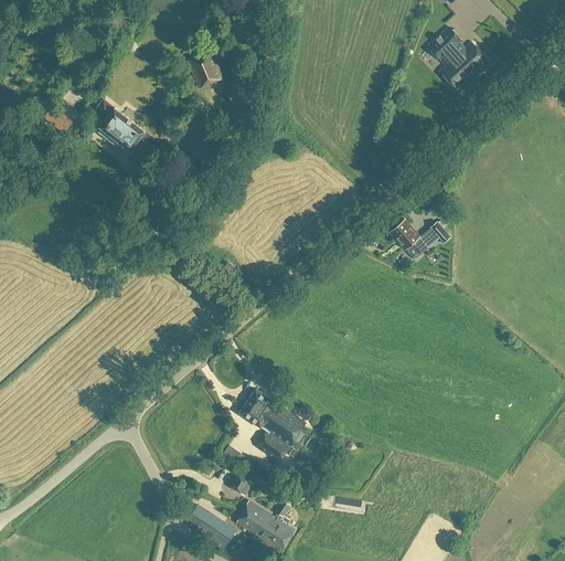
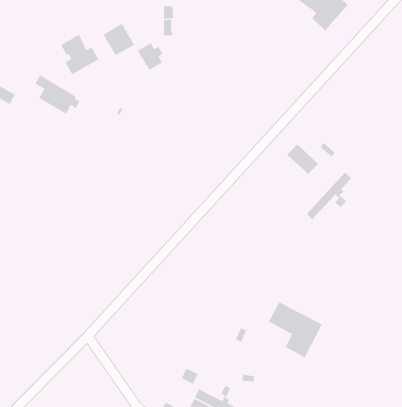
building: none -> [60,34,100,75]
building: none -> [306,172,352,220]
building: [239,390,306,463] -> [268,301,323,358]

